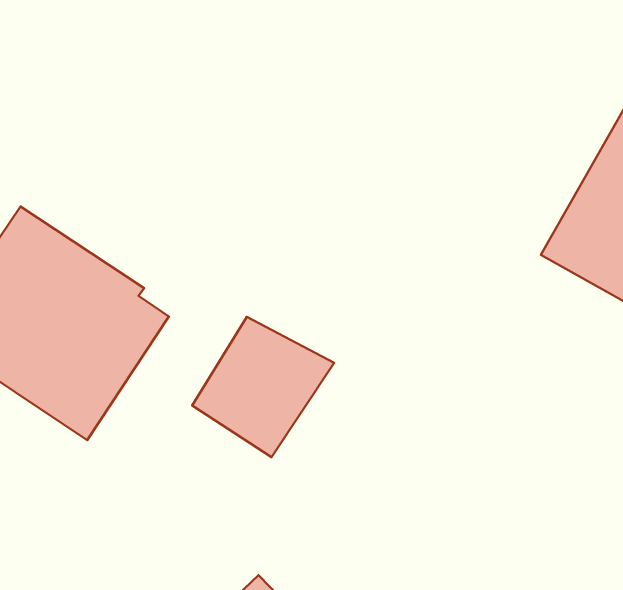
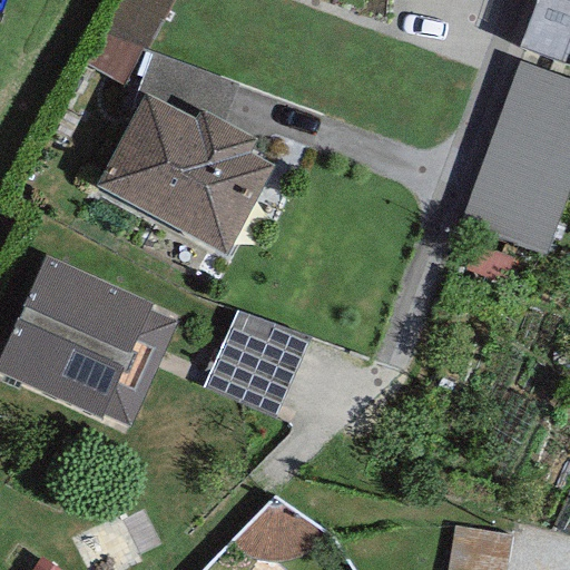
building: none -> [98,90,273,250]

